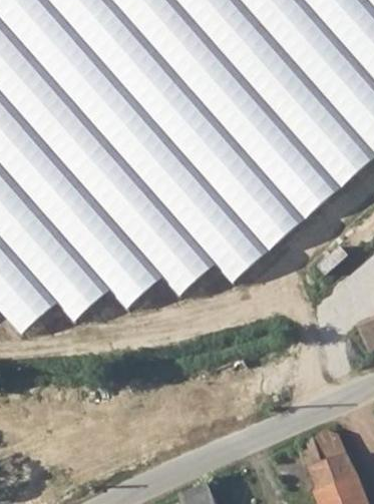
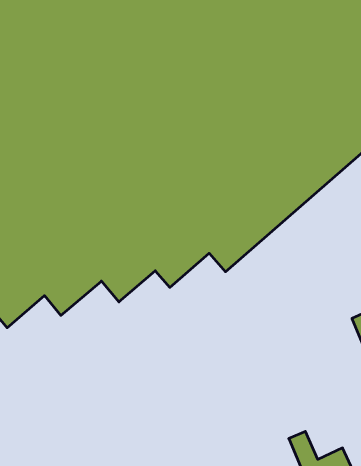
building: [308,427,344,462] -> none

